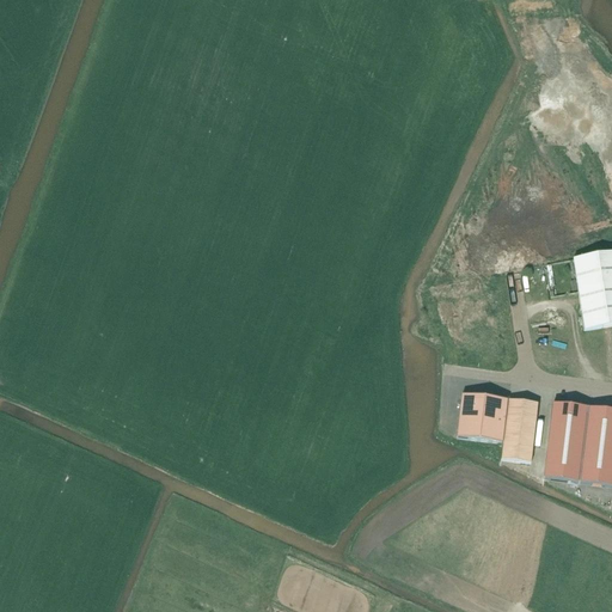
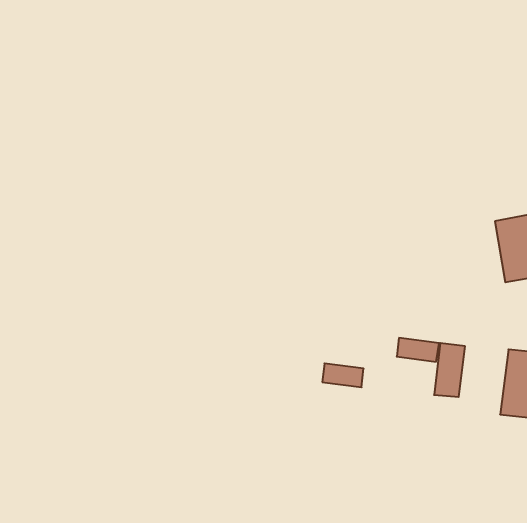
building: [545,400,589,479] -> none
building: [458,412,506,440] -> [322,363,364,387]

